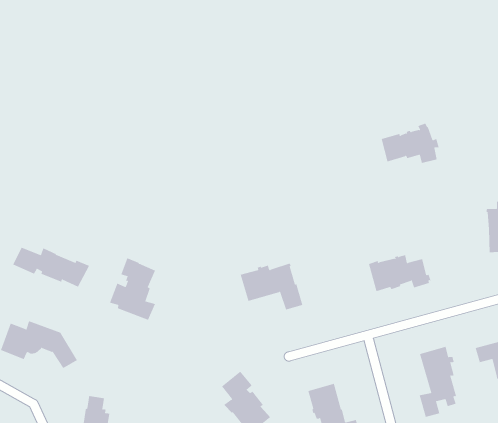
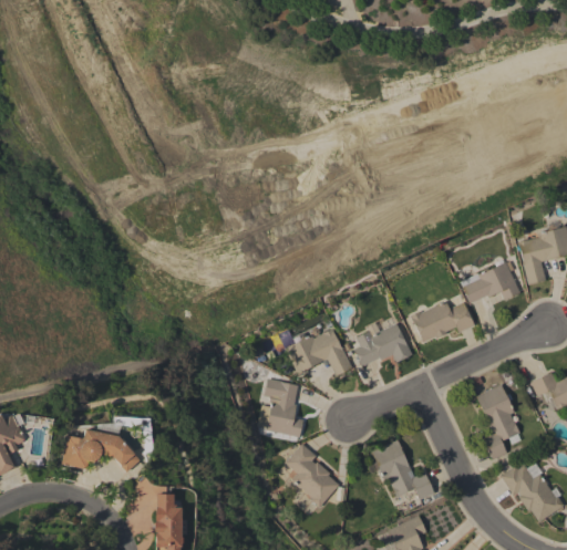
building: [381,123,440,163] -> [461,259,520,304]
building: [13,247,90,288] -> none
building: [109,258,156,321] -> [258,378,305,437]
building: none -> [354,323,413,366]

